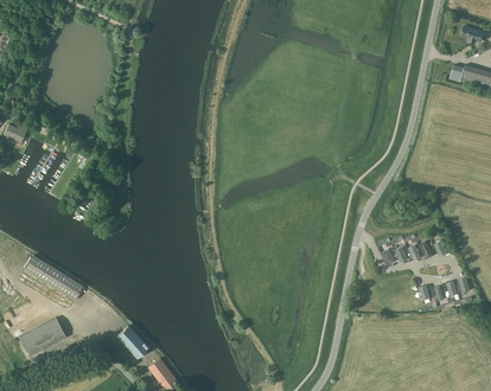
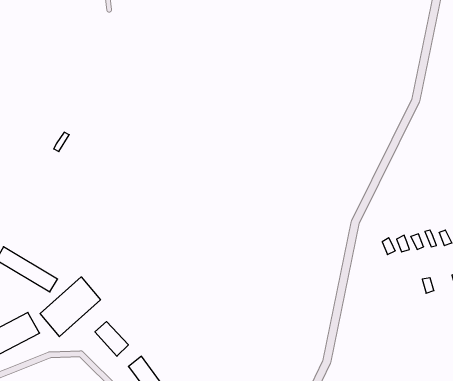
building: none -> [40,277,100,337]

